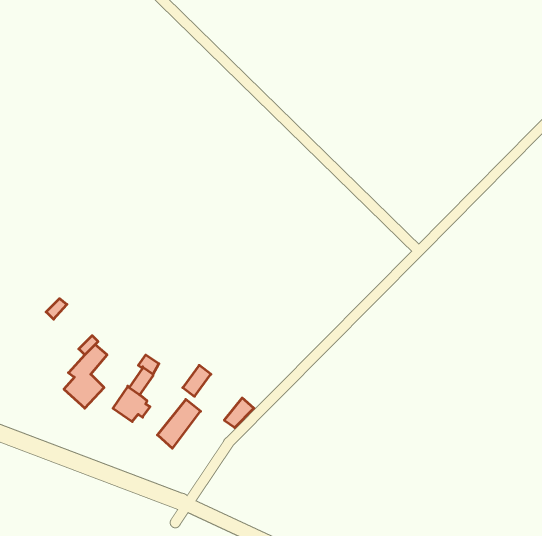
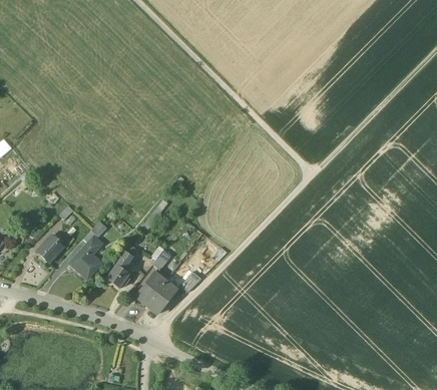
building: none -> [36,233,65,262]
building: none -> [146,280,177,313]

